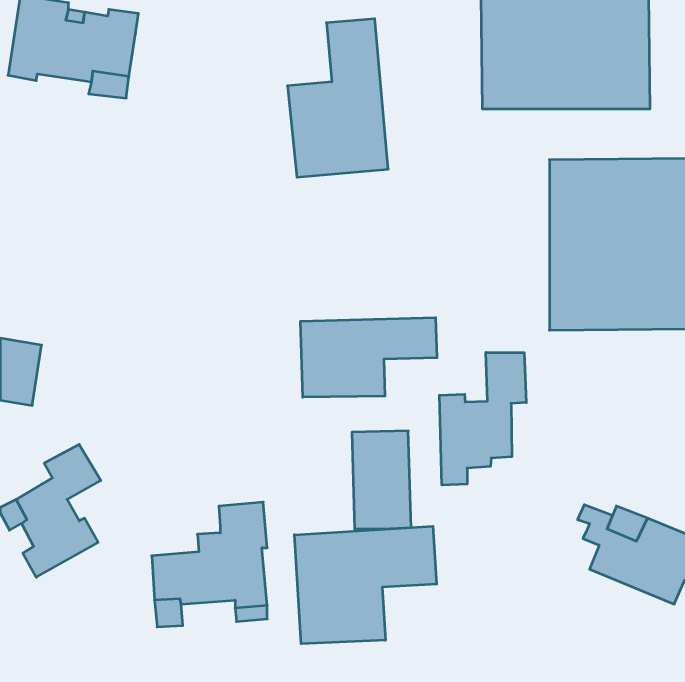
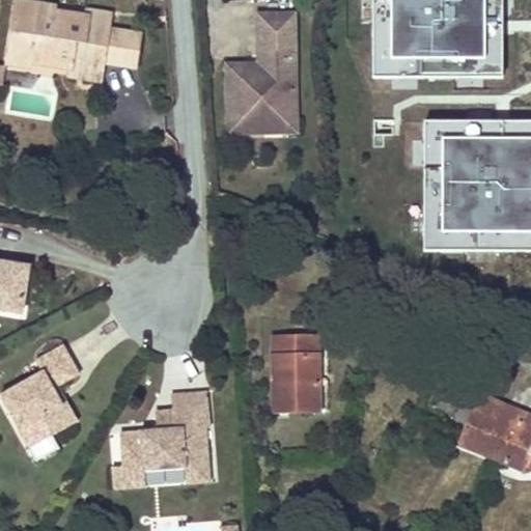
building: none -> [101,26,137,63]
building: [301,318,437,397] -> none
building: [439,352,526,485] -> none
building: [294,526,437,644] -> none

